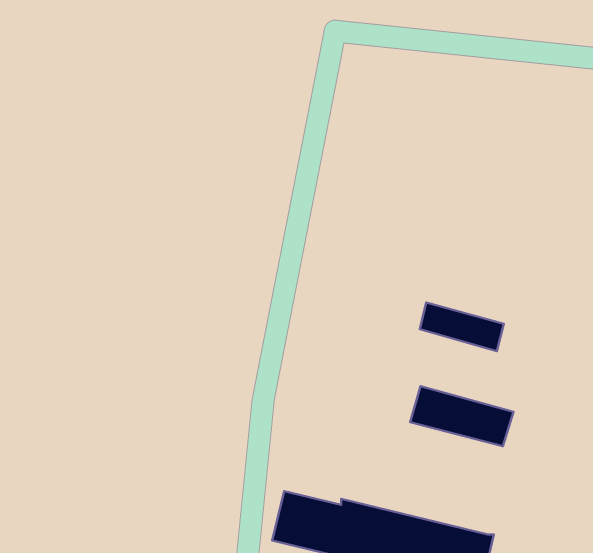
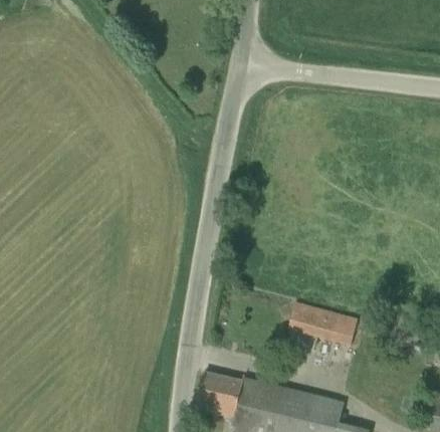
building: [420,302,504,351] -> none

